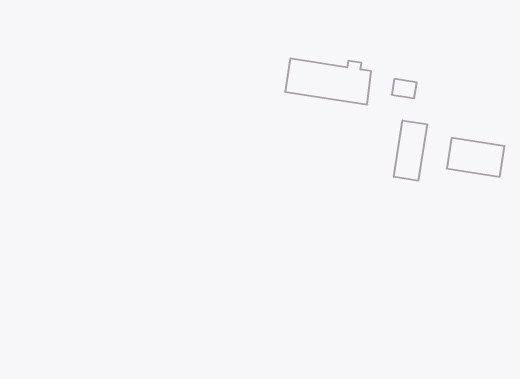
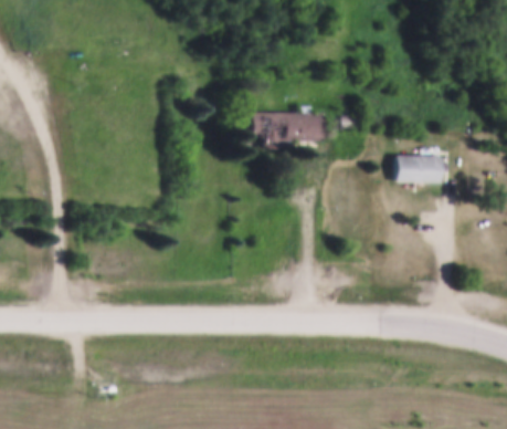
building: [394,120,427,181] -> none

